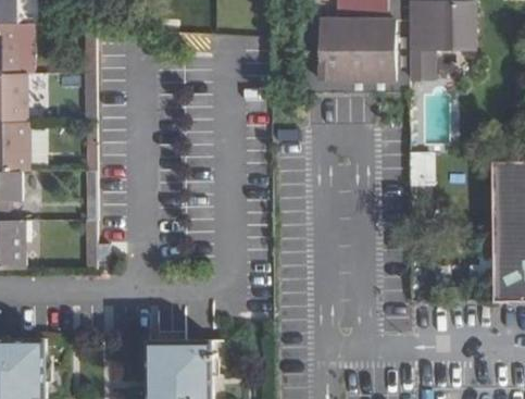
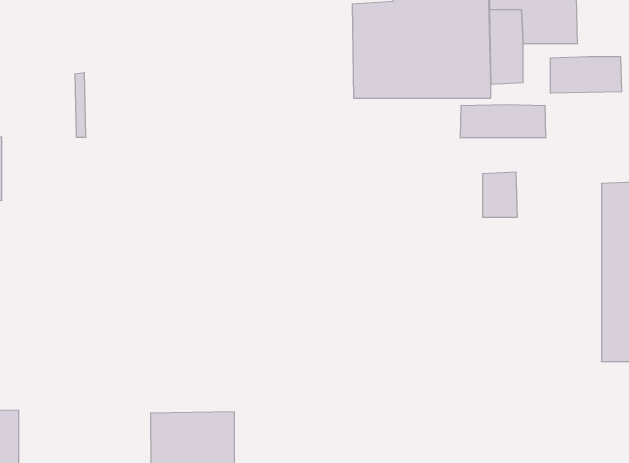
building: none -> [551,56,622,93]
building: none -> [460,105,546,138]

